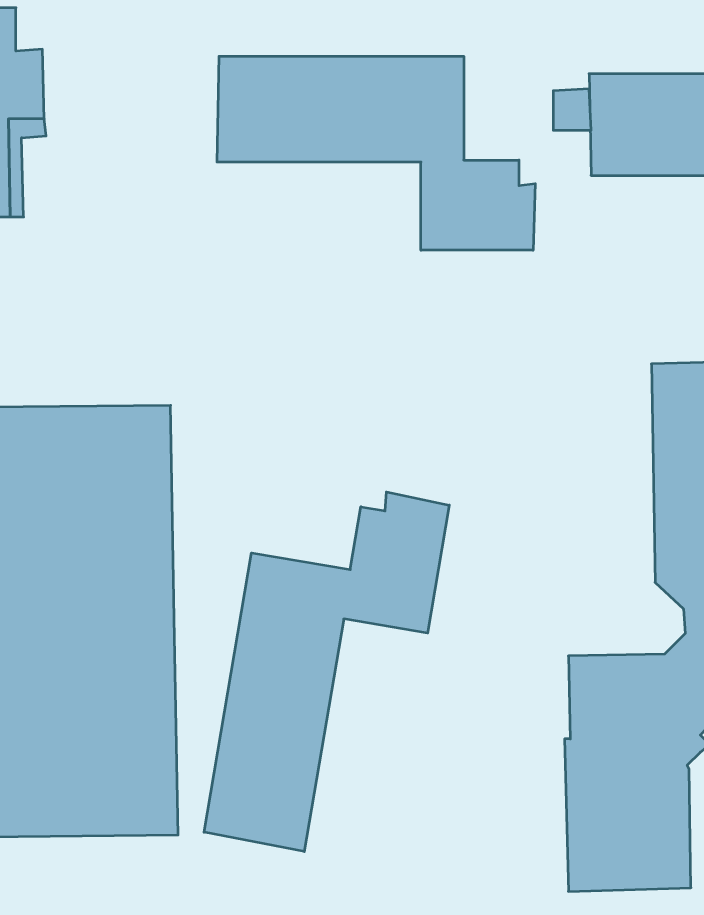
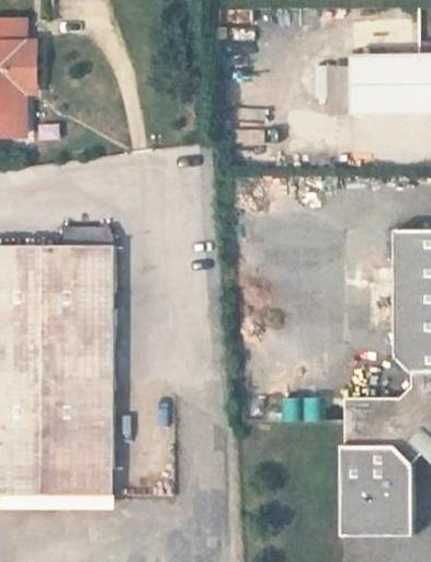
building: [217,56,535,250] -> none
building: [204,492,449,852] -> none

